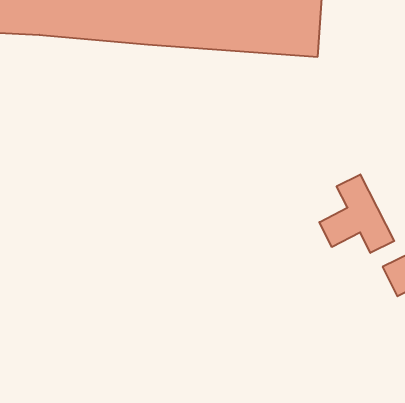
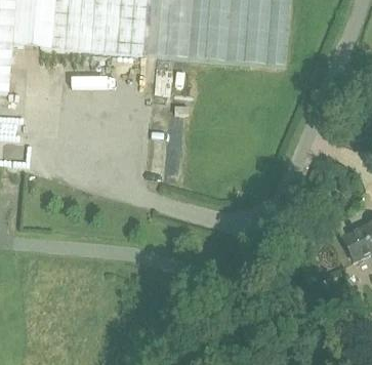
building: [319,174,394,253] -> none

